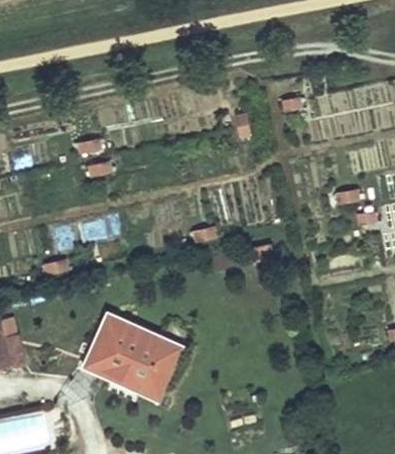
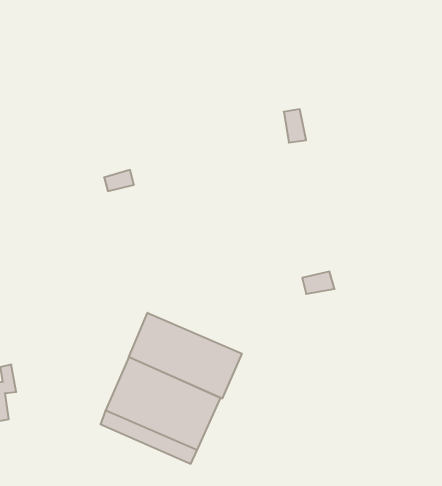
building: none -> [129,313,242,399]

